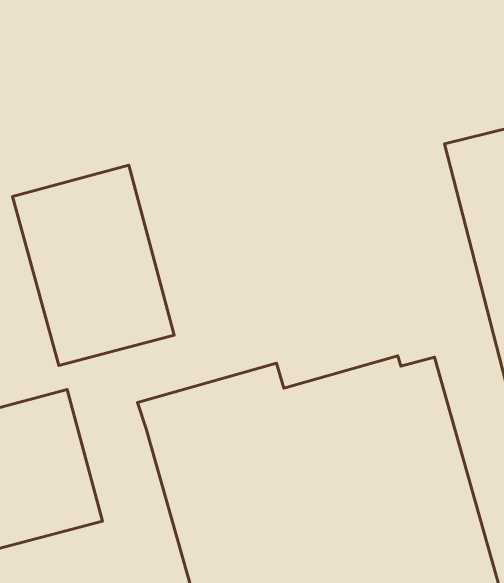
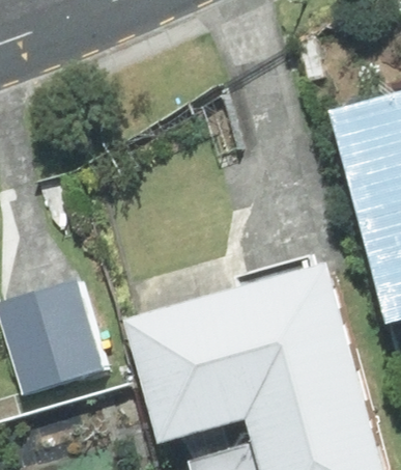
building: [13,165,174,366] -> none

